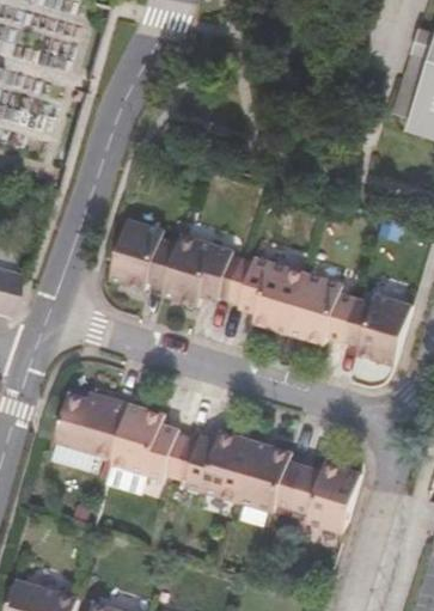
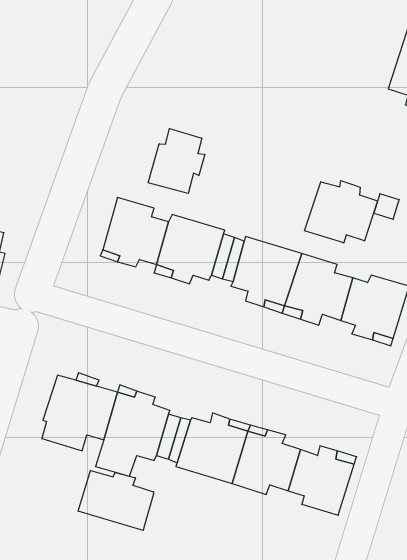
building: none -> [148,129,205,193]
building: none -> [304,181,378,243]
building: none -> [78,470,153,530]

